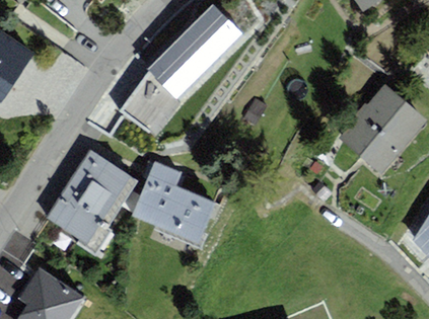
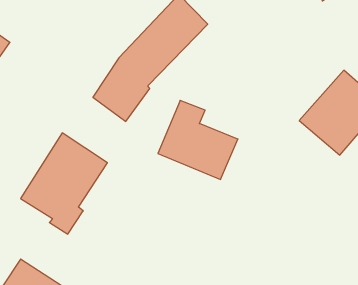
building: [133,161,217,244] -> [158,100,238,179]

